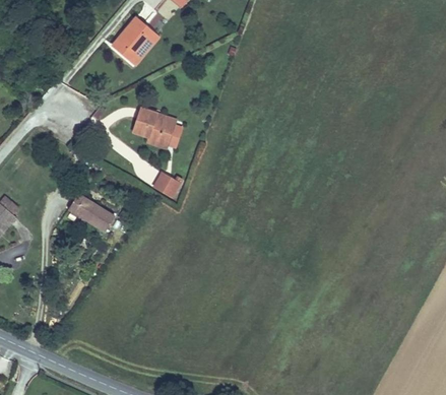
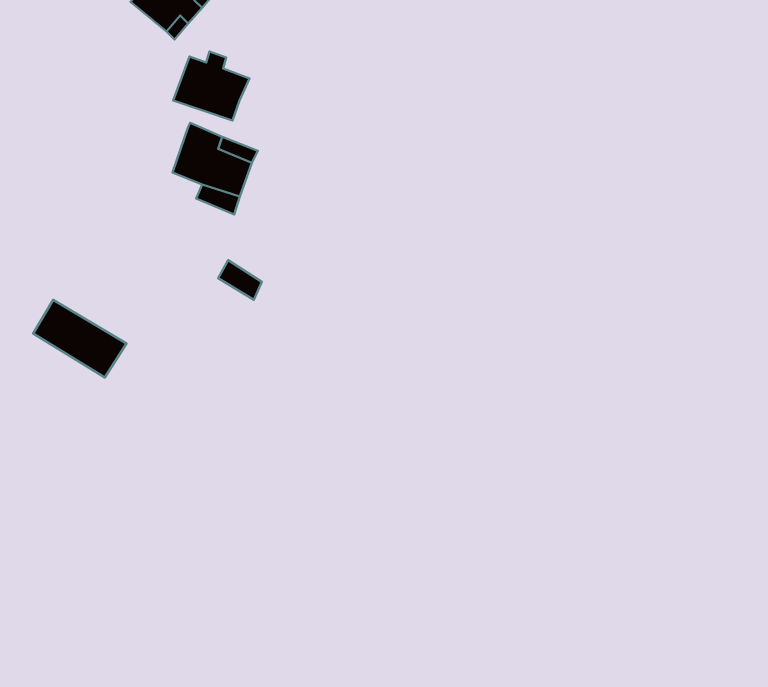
building: none -> [173,52,250,120]

